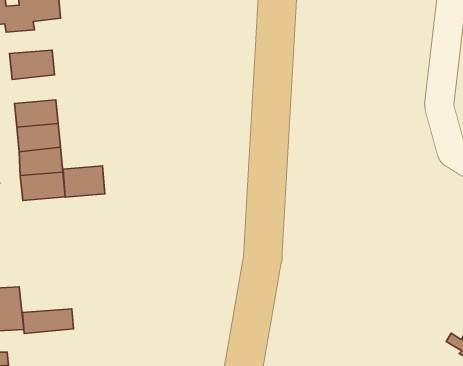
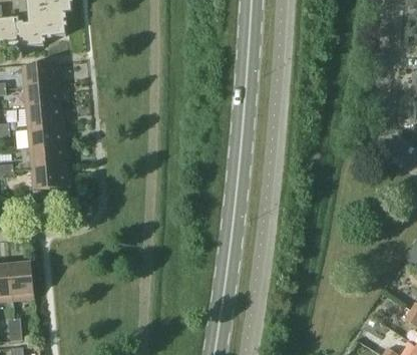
building: none -> [23,83,60,107]
building: [63,166,105,197] -> none
building: [22,309,74,333] -> none

